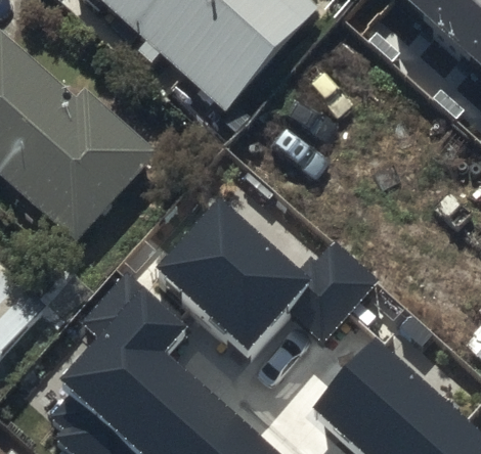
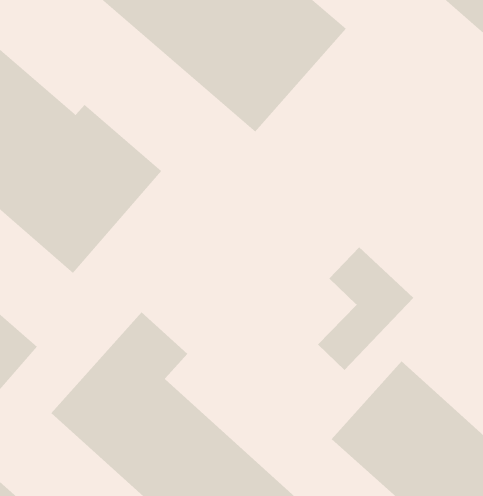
building: [152,194,304,344] -> none

